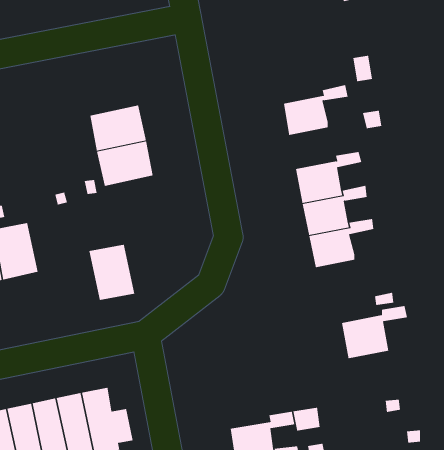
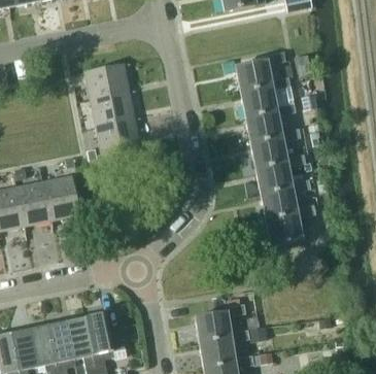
building: none -> [236,50,285,90]
building: none -> [86,64,130,99]
building: none -> [245,101,297,140]
building: [88,244,135,300] -> [44,176,80,219]
building: [341,305,408,359] -> [266,203,317,244]
building: none -> [196,303,246,340]

